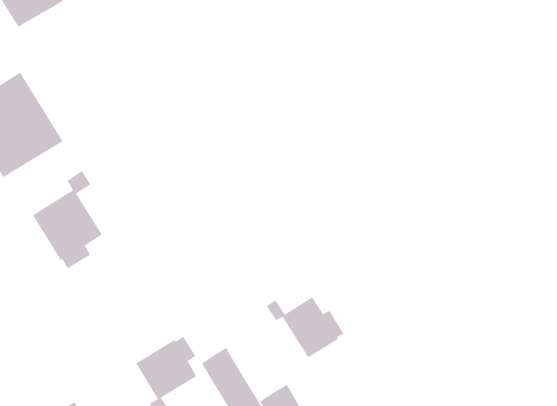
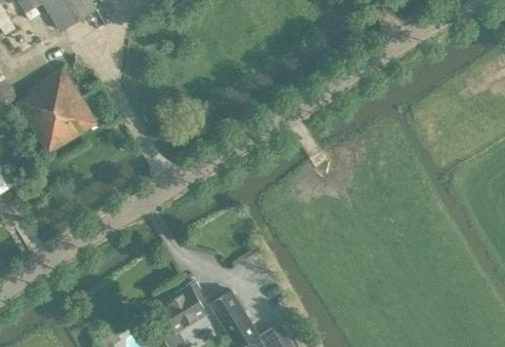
building: [32,170,102,269] -> none
building: [266,296,344,358] -> none

